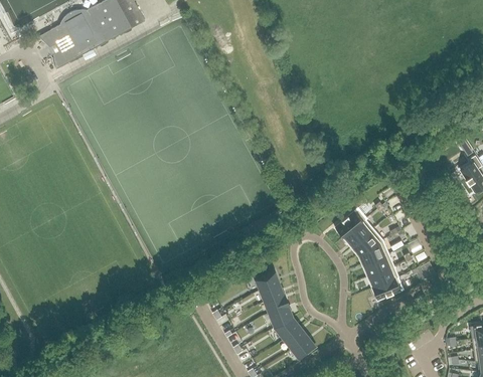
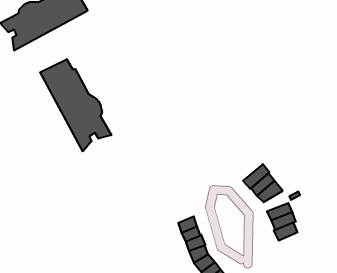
building: none -> [40,59,111,151]
building: [359,240,389,265] -> none

